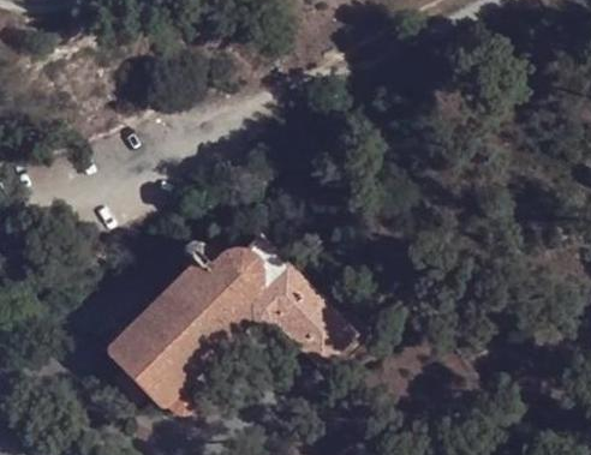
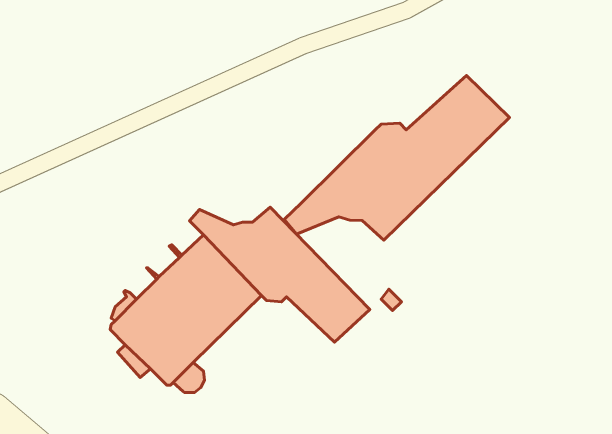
building: none -> [284,75,509,240]

